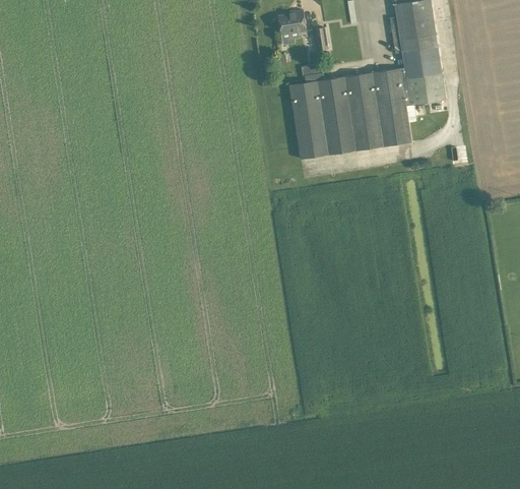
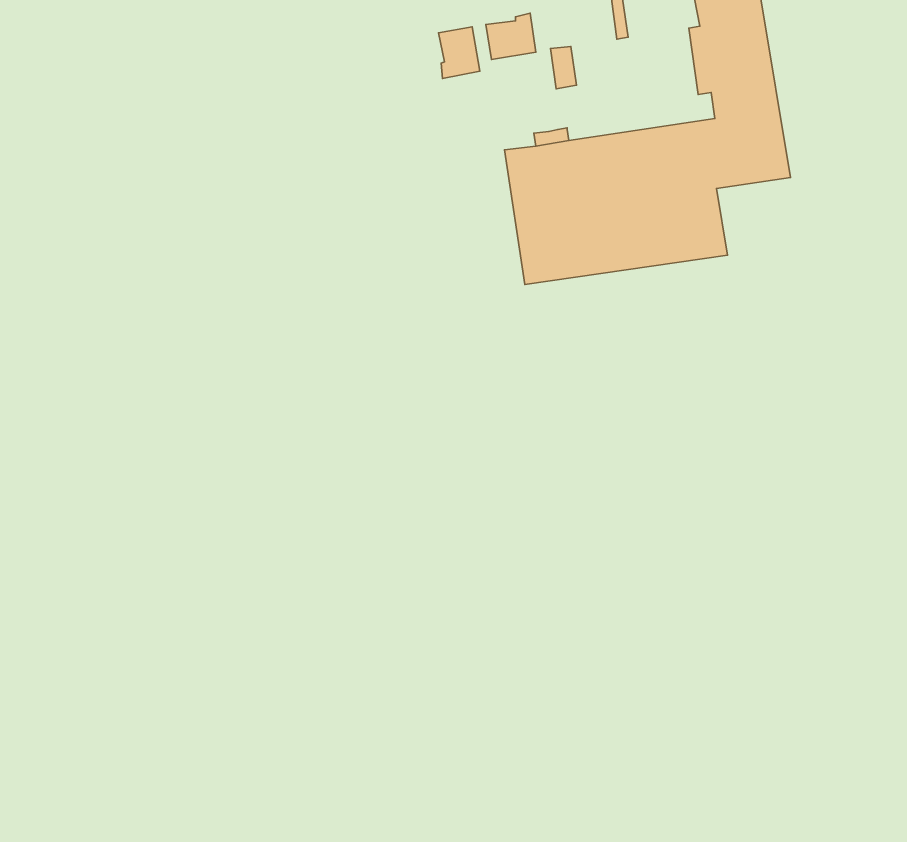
building: none -> [439,27,480,78]

